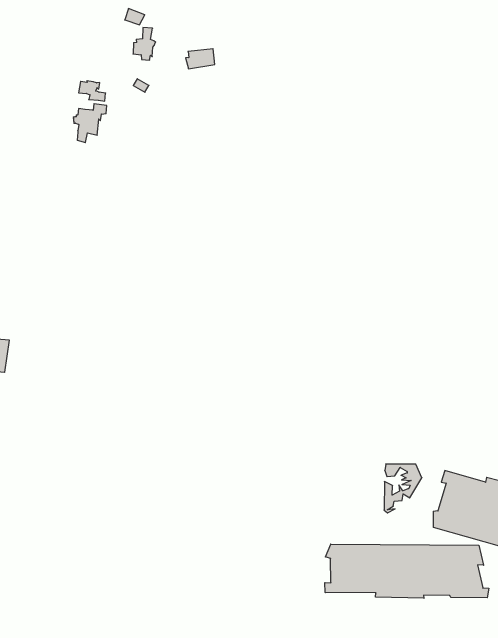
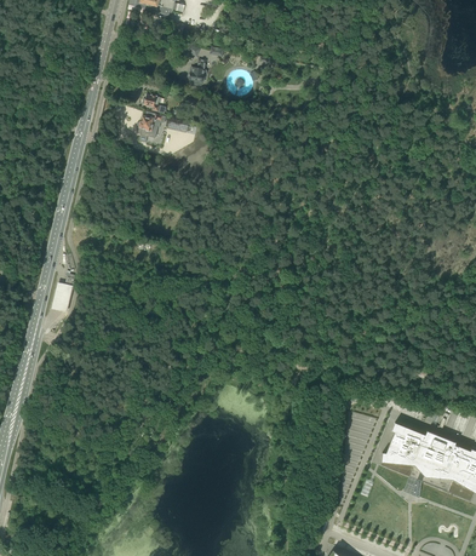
building: [325,544,489,598] -> none

